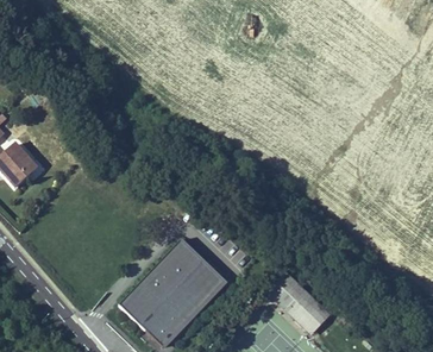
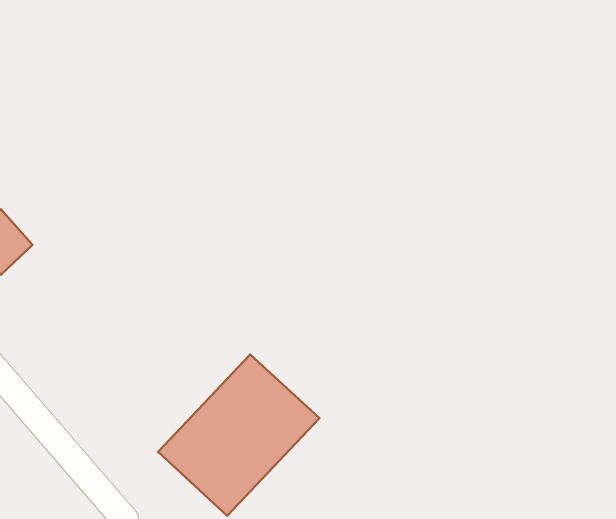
building: [269,275,326,331] -> none

